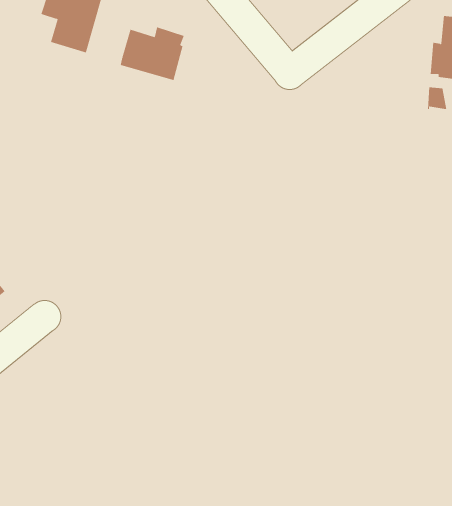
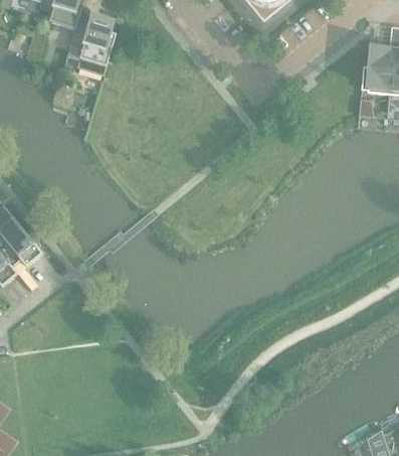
building: [120,27,184,81] -> none

